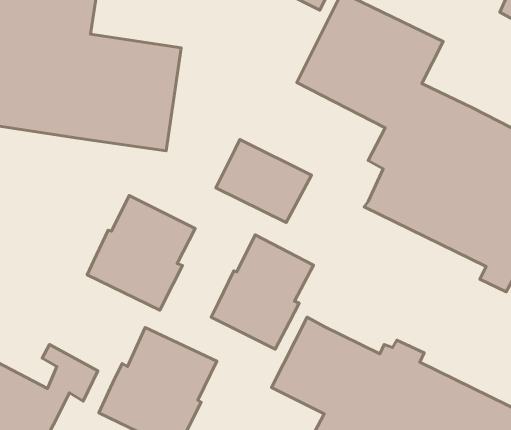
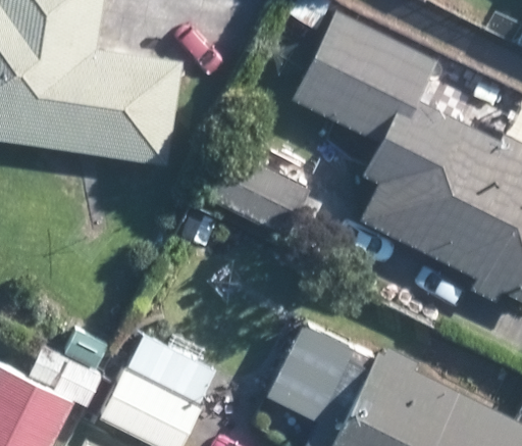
building: [87,195,195,310] -> none
building: [211,235,313,349] -> none

